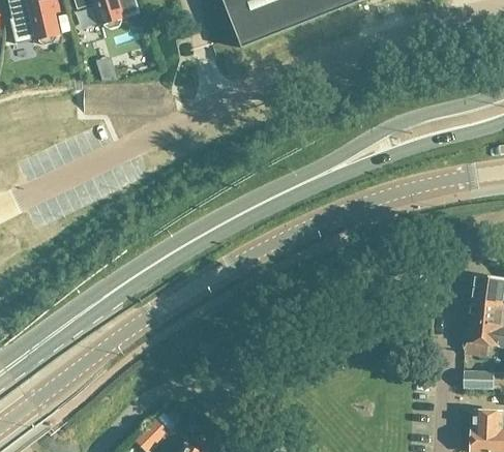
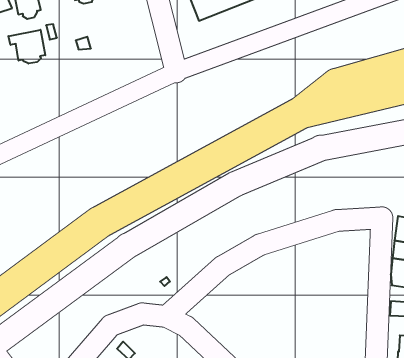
building: none -> [8,30,45,64]

